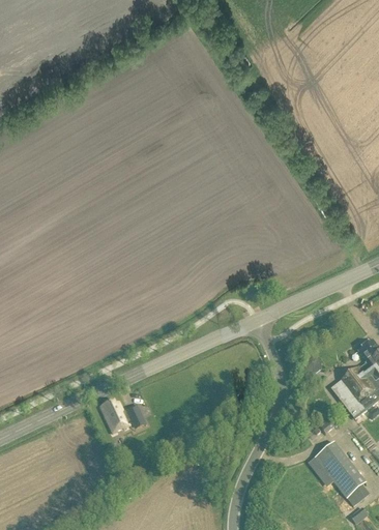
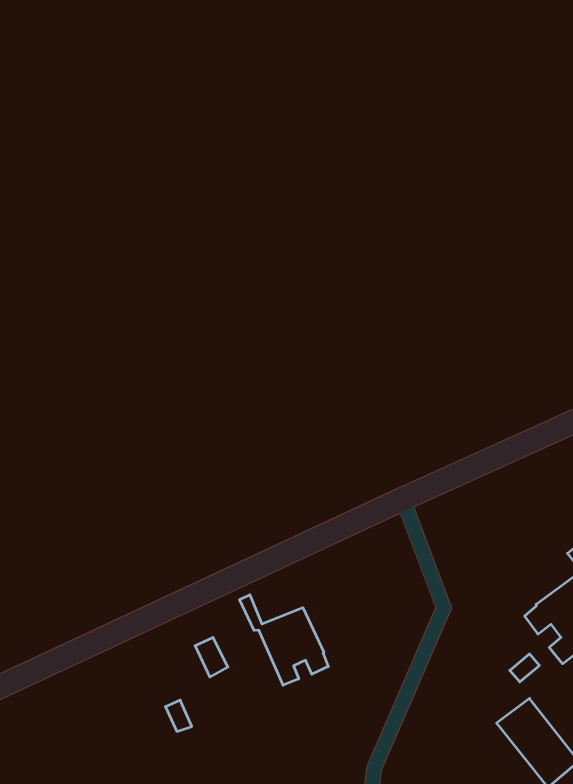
building: none -> [240,595,328,685]
building: [98,399,127,432] -> none

